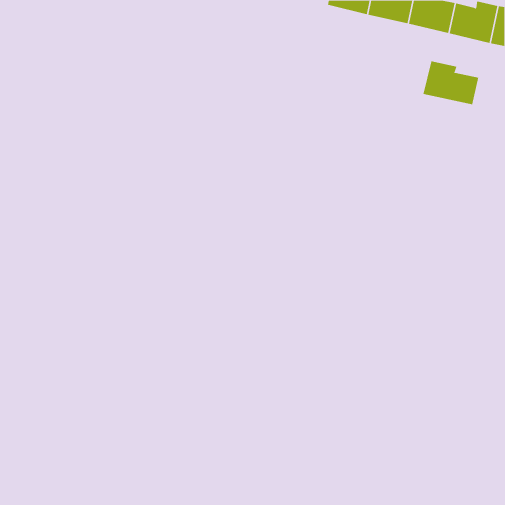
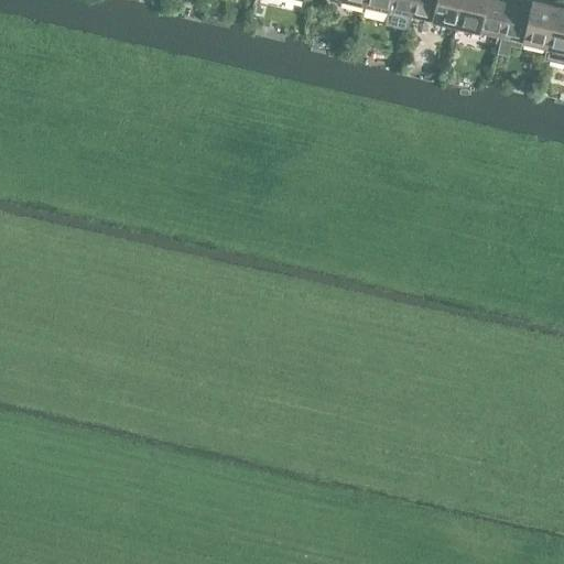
building: [423,60,479,105] -> none

